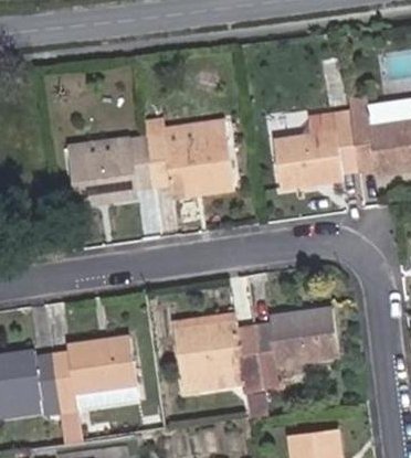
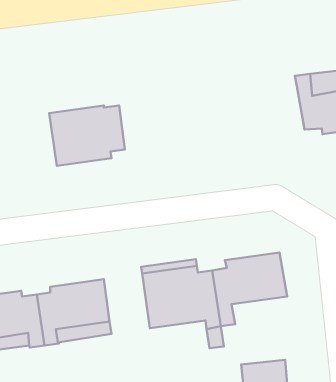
building: [276,115,360,185] -> none
building: [144,119,234,199] -> none

